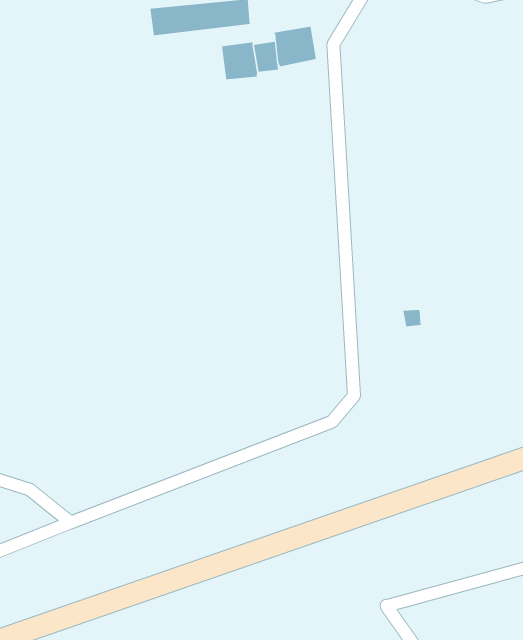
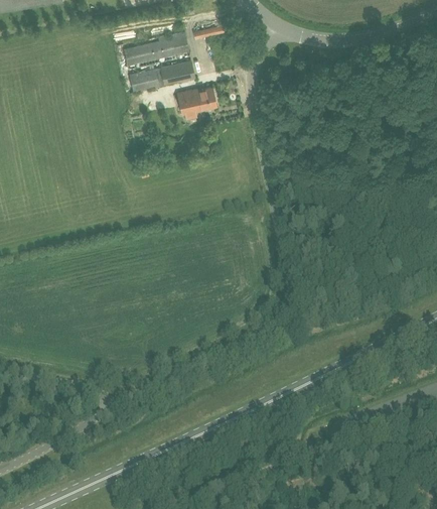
building: [274,26,317,67] -> none

